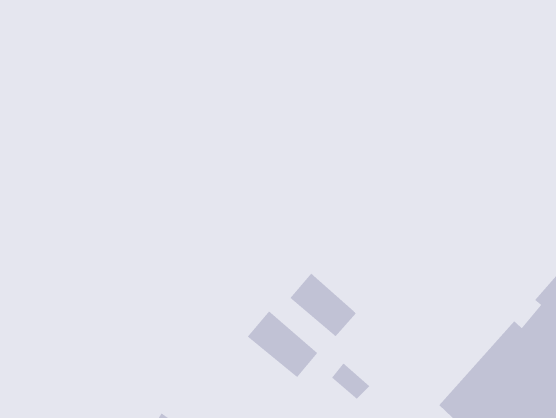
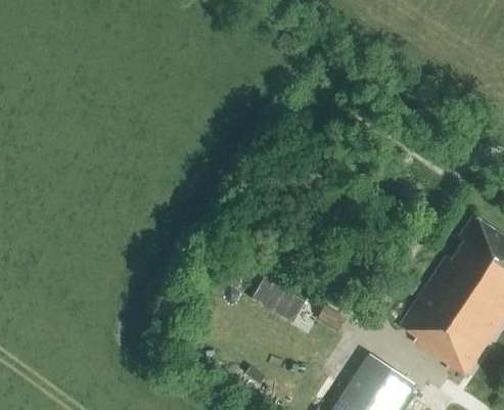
building: [290,273,356,337] -> none

